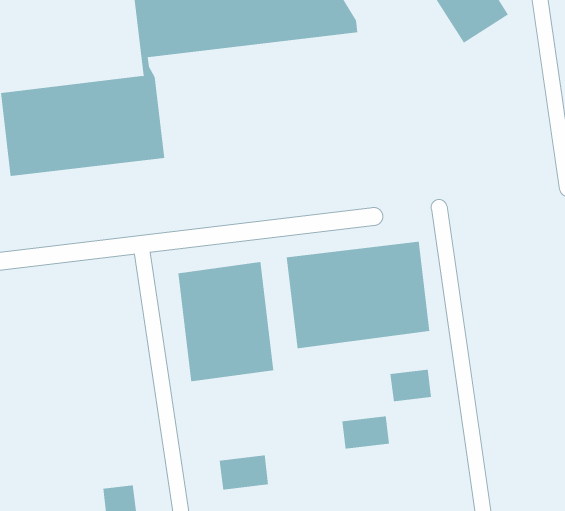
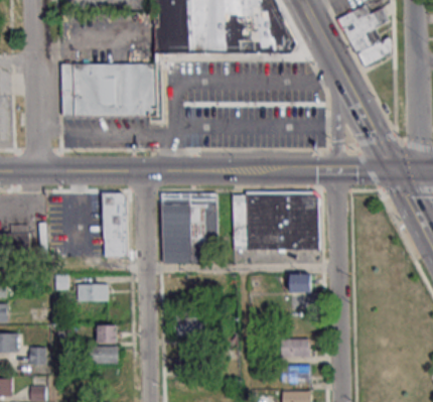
building: none -> [103,191,127,257]
building: [341,416,390,449] -> [280,338,309,356]
building: none -> [77,283,107,300]

